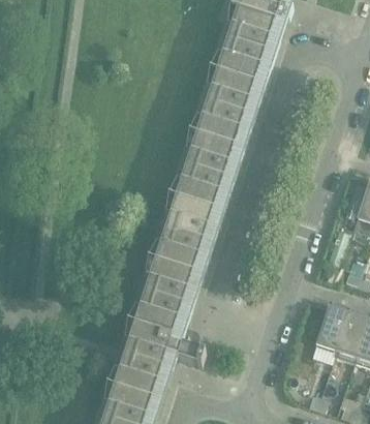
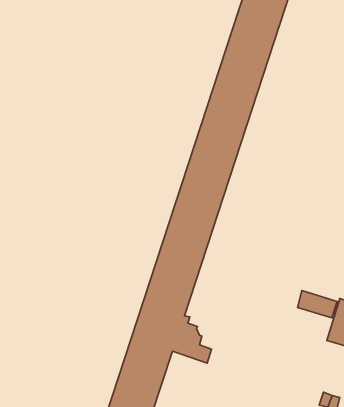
building: none -> [297,291,337,318]

